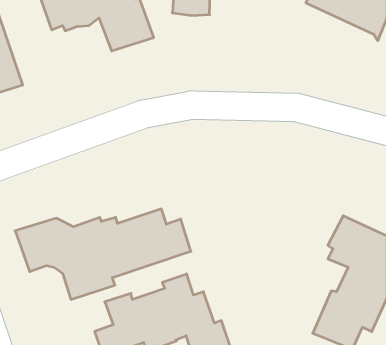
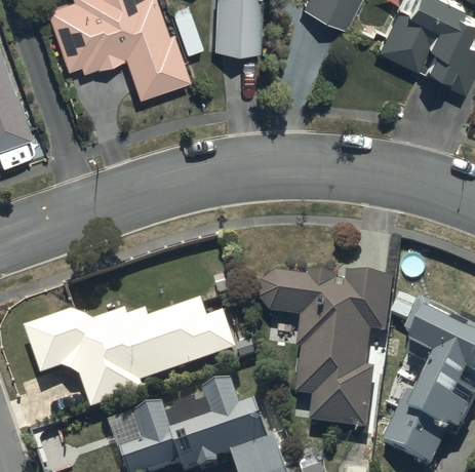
building: none -> [261,266,394,424]

